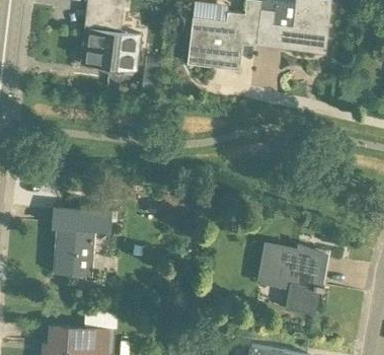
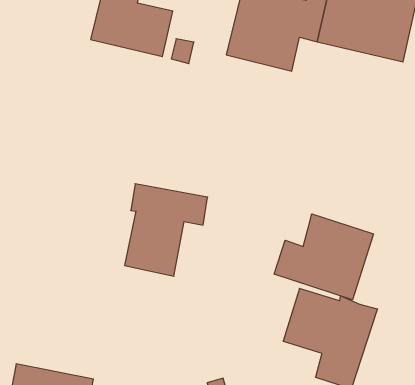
building: none -> [274,214,373,300]
building: [53,206,111,275] -> [125,184,208,276]

